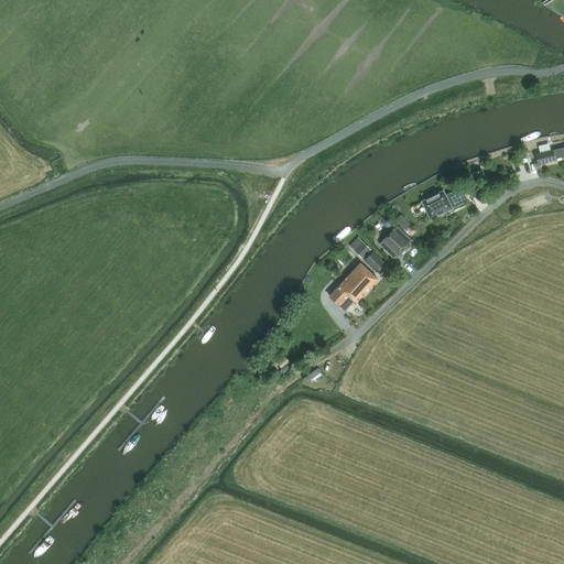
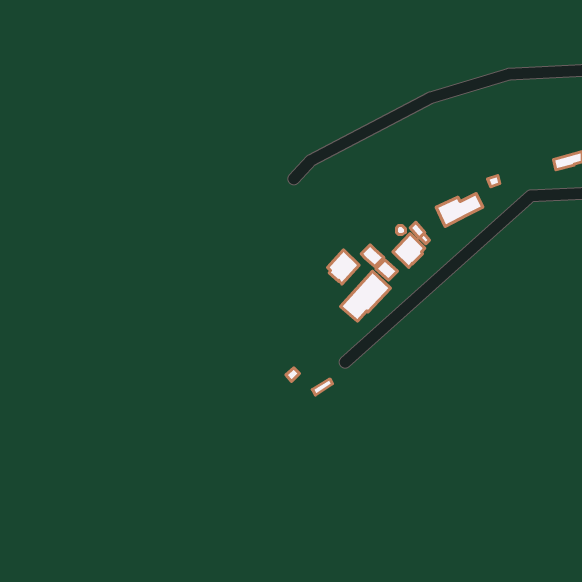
building: none -> [327,250,359,284]

